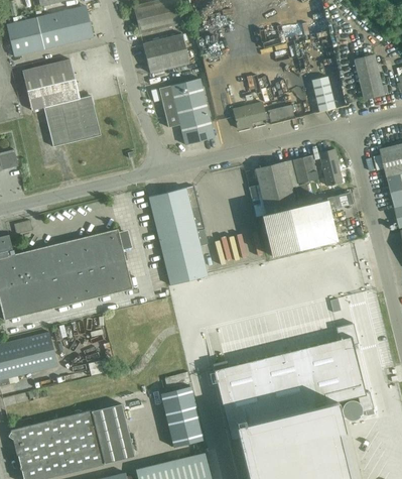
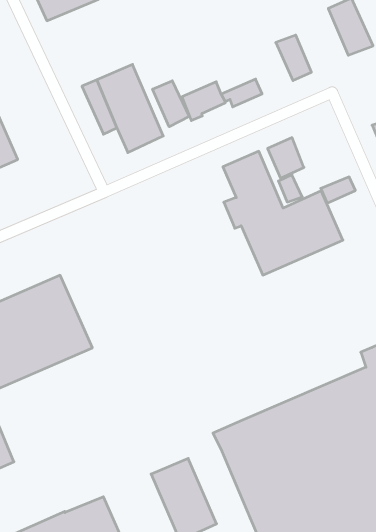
building: [142,34,188,74] -> none
building: none -> [153,81,189,127]
building: [318,150,342,187] -> none
building: [148,186,208,285] -> none

